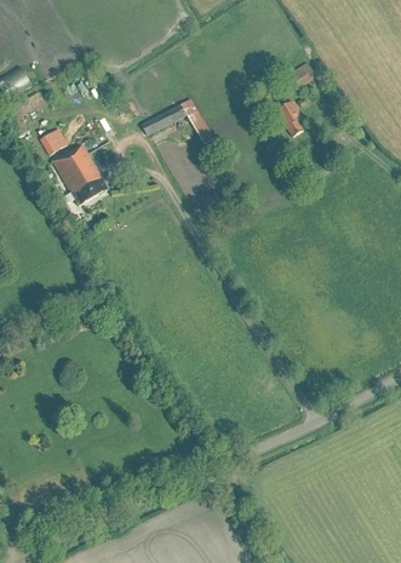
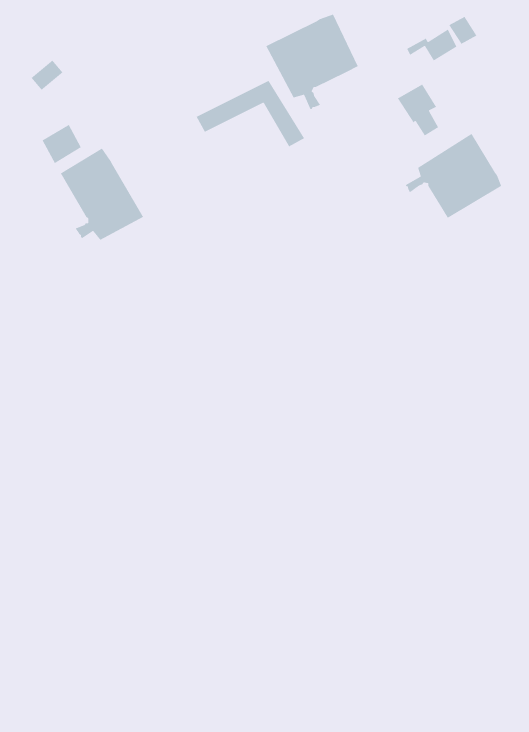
building: none -> [265,14,359,110]
building: none -> [405,133,502,219]

